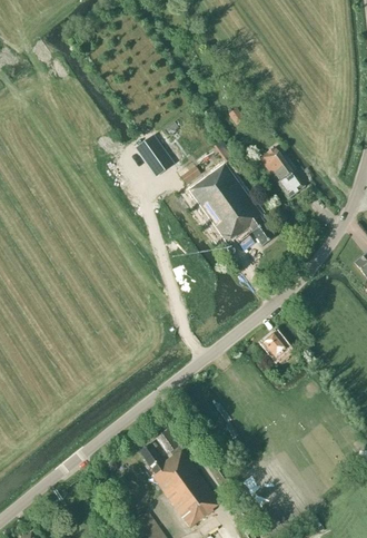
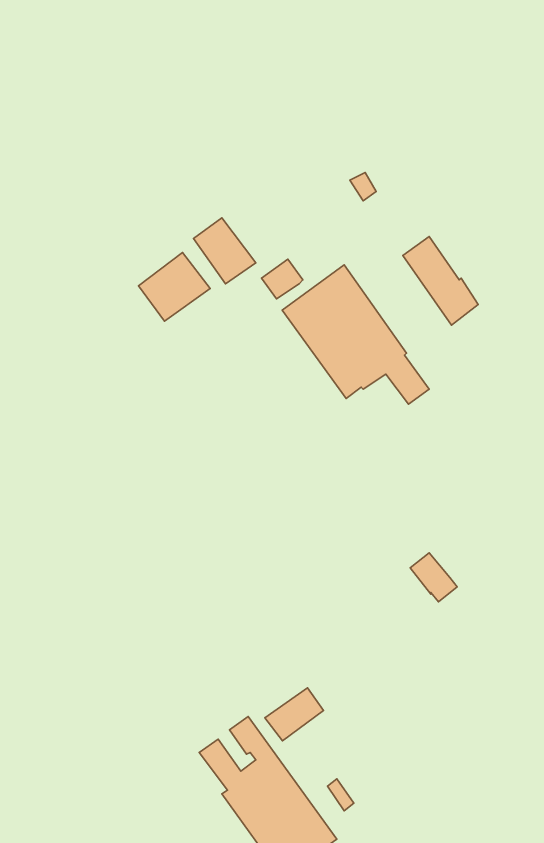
building: none -> [139,252,210,321]
building: none -> [265,688,324,741]

